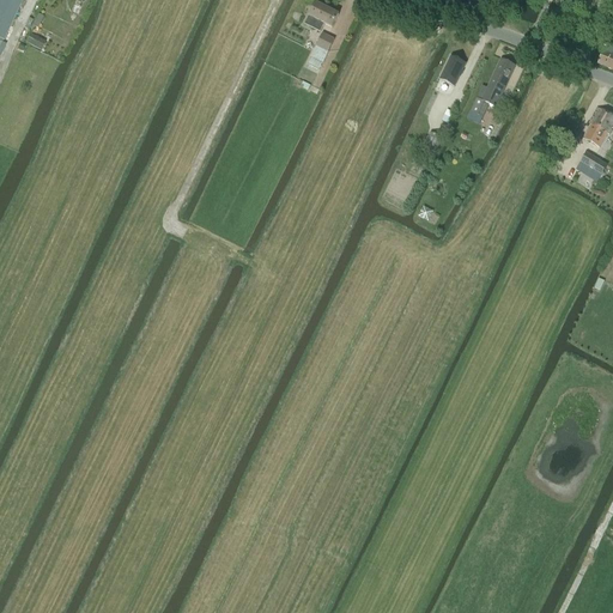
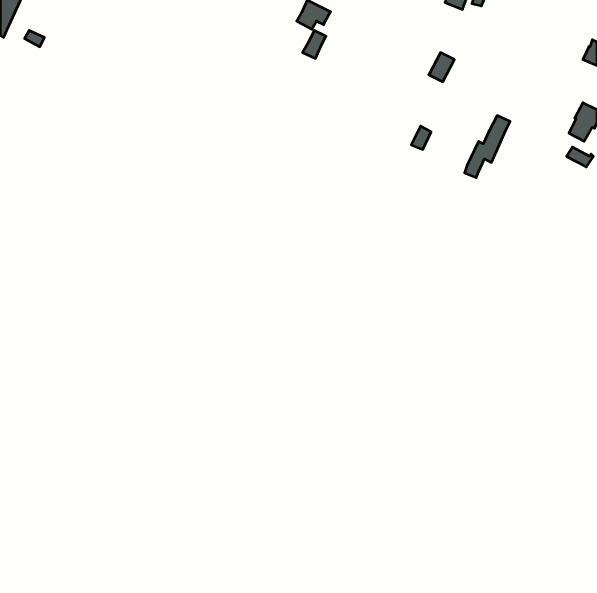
building: [468,57,515,121] -> [465,116,510,178]

